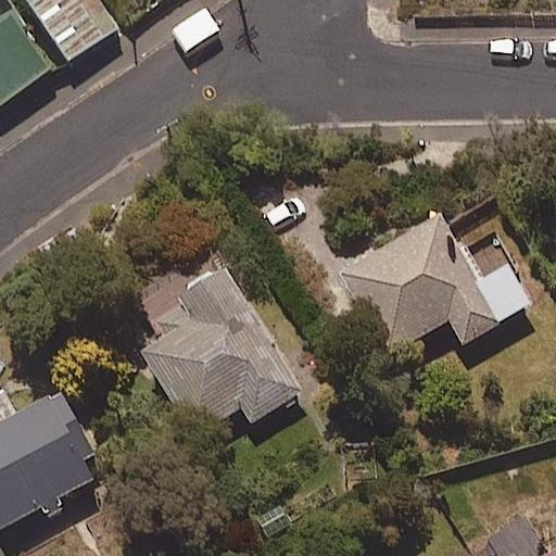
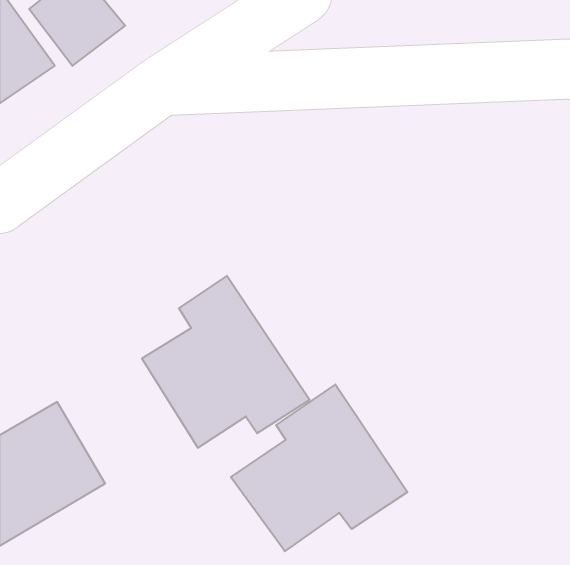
building: [339,211,532,354] -> none
building: none -> [231,384,407,551]

